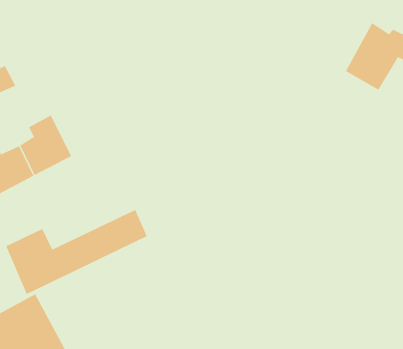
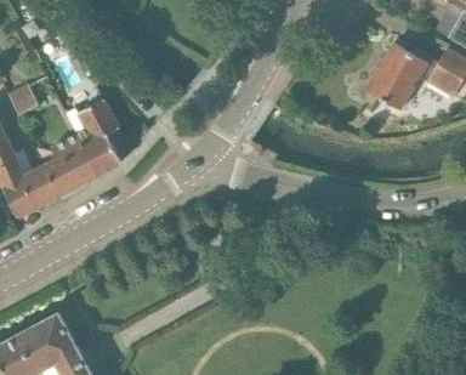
building: none -> [75,101,123,176]
building: [6,209,147,295] -> none

